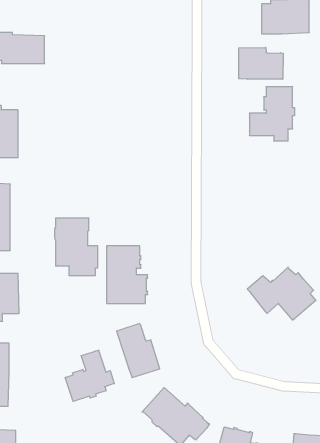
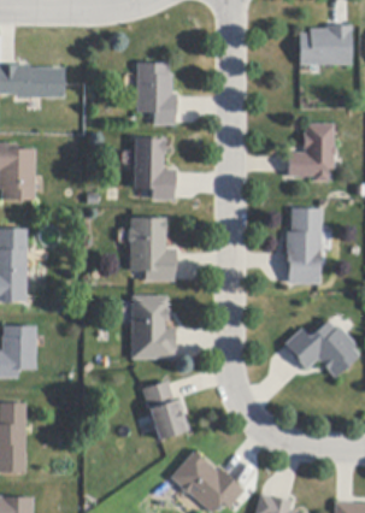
building: none -> [136,63,177,125]
building: [239,47,283,79] -> none
building: none -> [134,138,176,200]
building: none -> [287,208,322,284]
building: [55,218,98,276] -> [129,218,176,281]
building: [65,350,114,401] -> none

